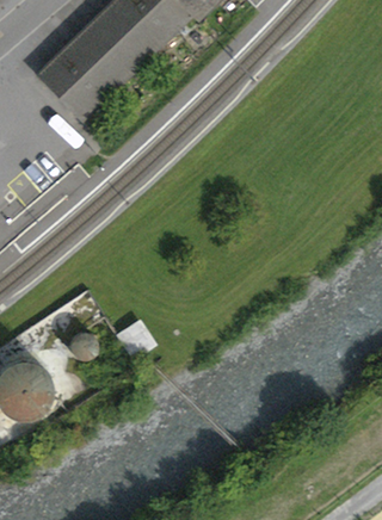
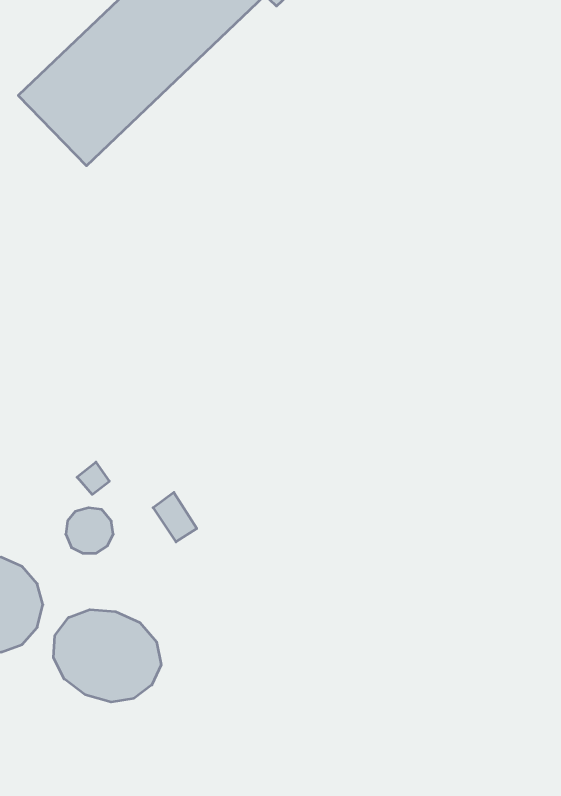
building: none -> [53,610,161,702]

